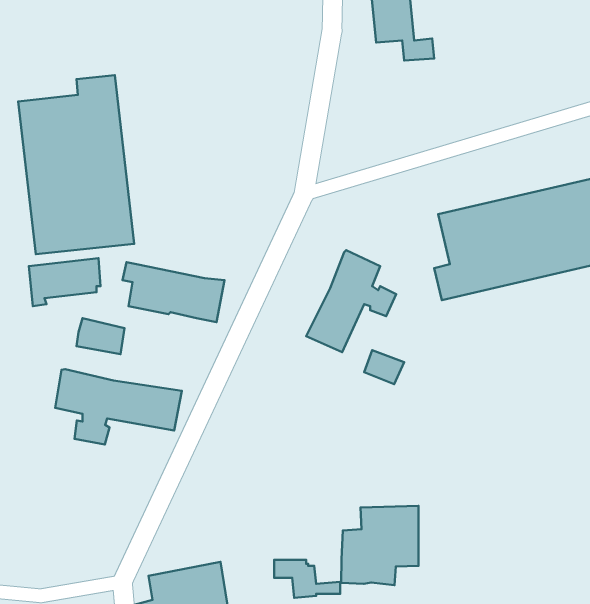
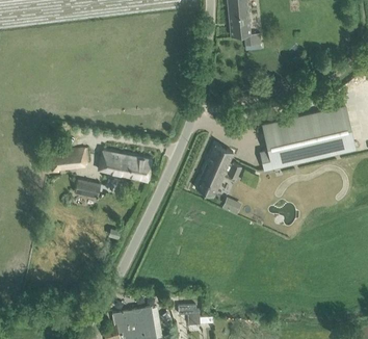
building: [18,75,134,254] -> none
building: [55,369,182,444] -> none
building: [341,506,419,585] -> none

